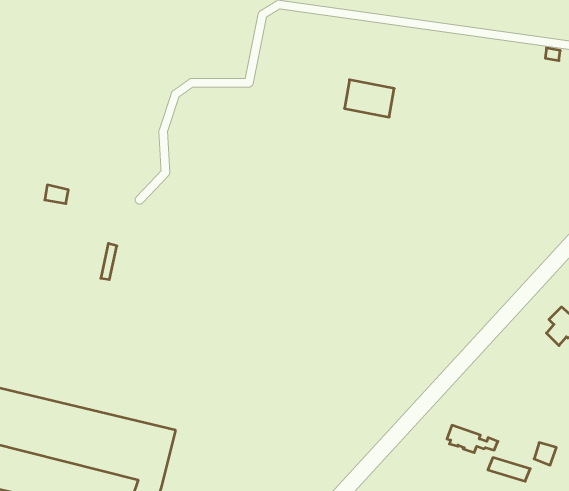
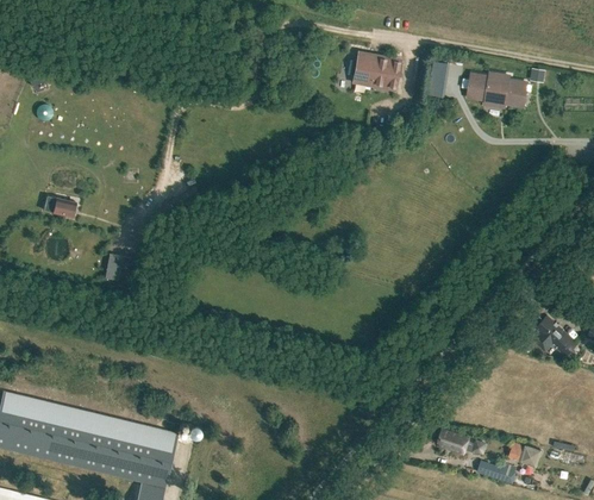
building: none -> [467,73,527,107]
building: [344,80,394,117] -> [352,52,400,88]

